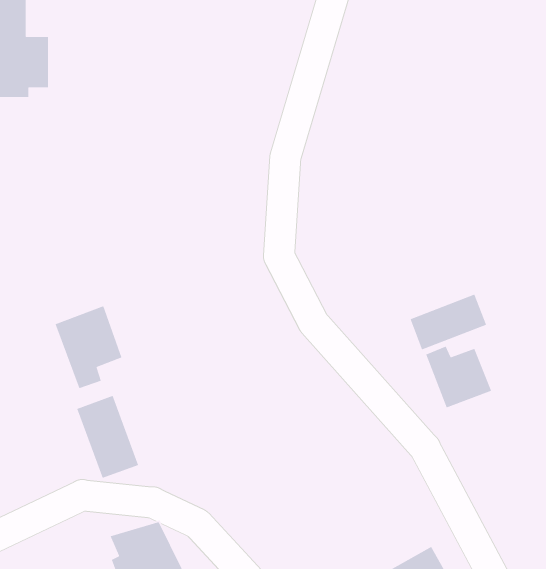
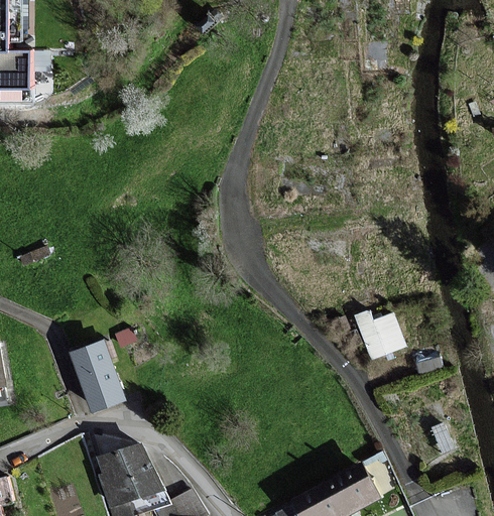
building: [409,293,487,350] -> none
building: [55,305,122,389] -> none

